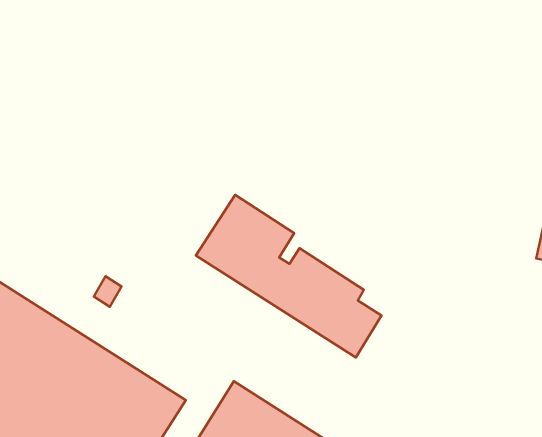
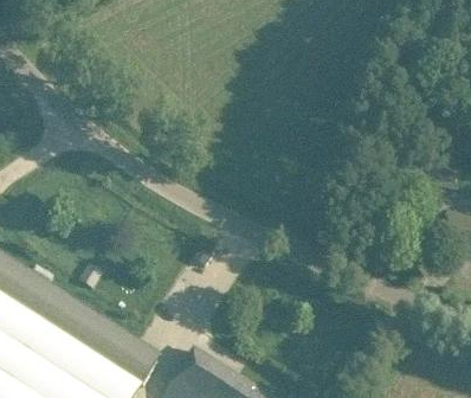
building: [196,195,382,357] -> none

